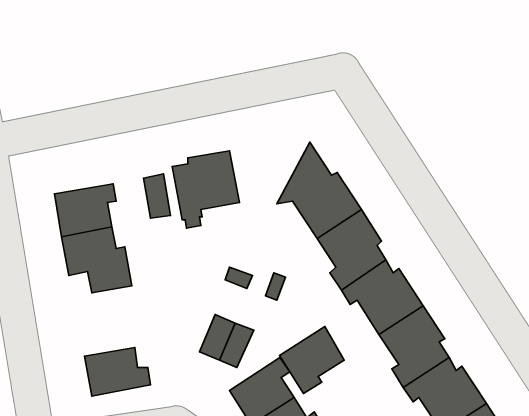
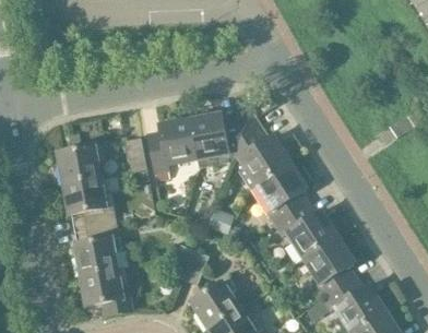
building: none -> [190,114,251,168]
building: none -> [73,223,121,276]
building: [279,327,344,394] -> none

